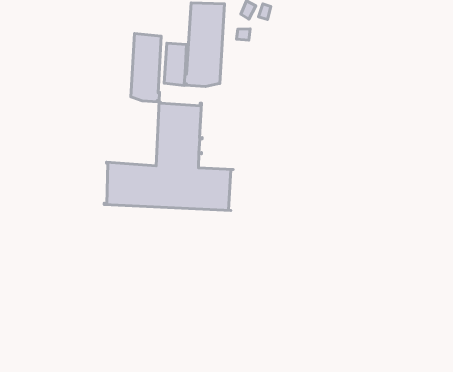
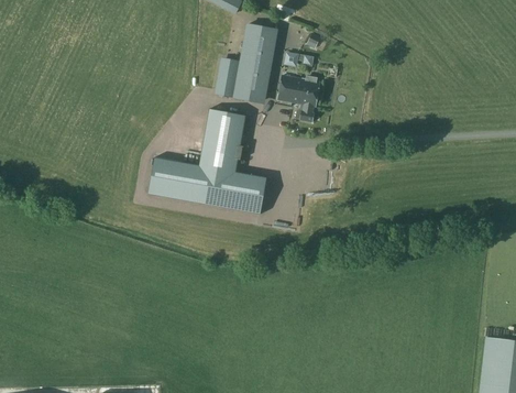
building: [131,34,161,102] -> none
building: none -> [278,76,320,122]

